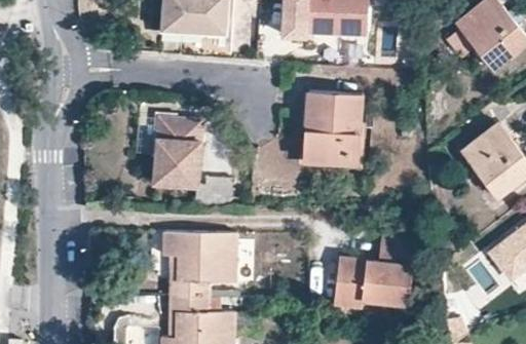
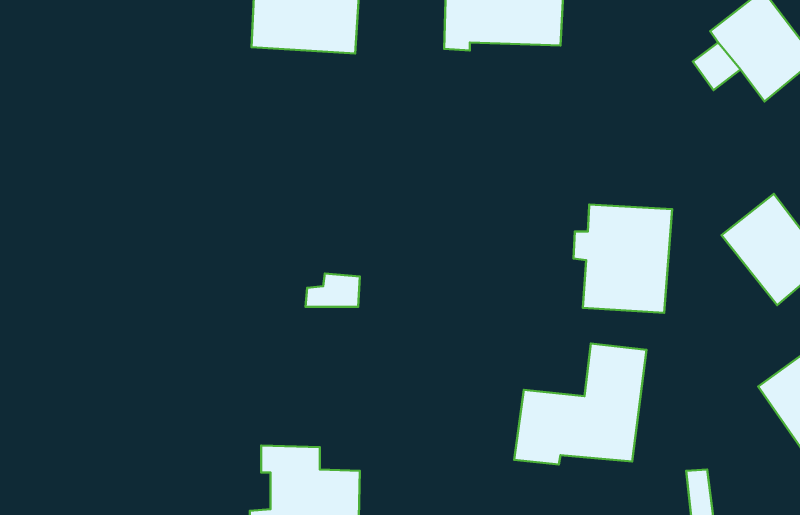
building: [299,94,363,164] -> [573,204,672,313]
building: [155,117,202,186] -> none
building: [162,227,233,292] -> none

